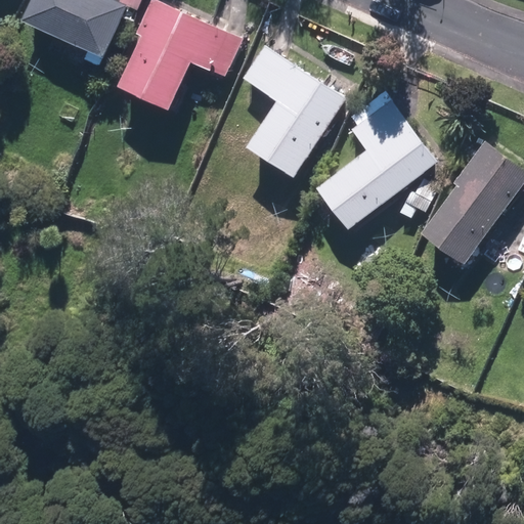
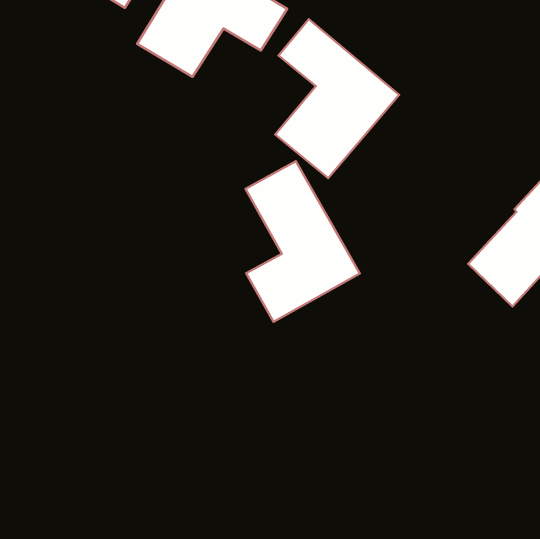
building: [320,91,436,226] -> none
building: none -> [245,161,360,322]

